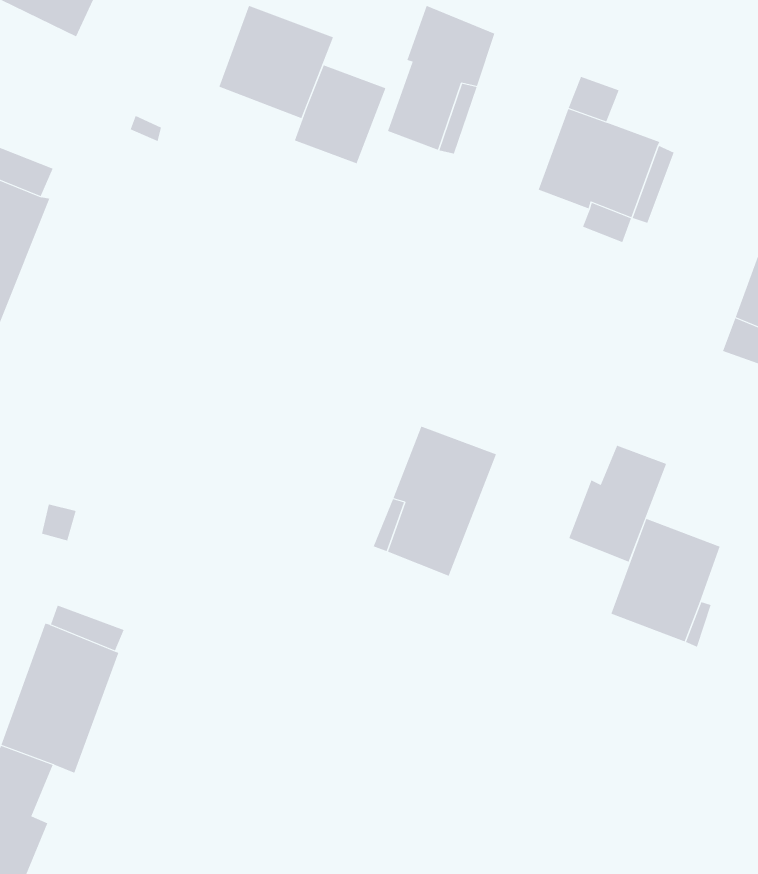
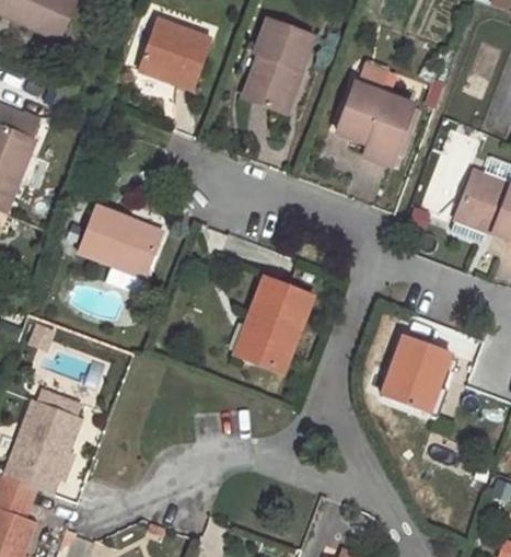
building: [294,64,386,164] -> none
building: none -> [80,205,161,276]
building: [569,445,667,563] -> none

